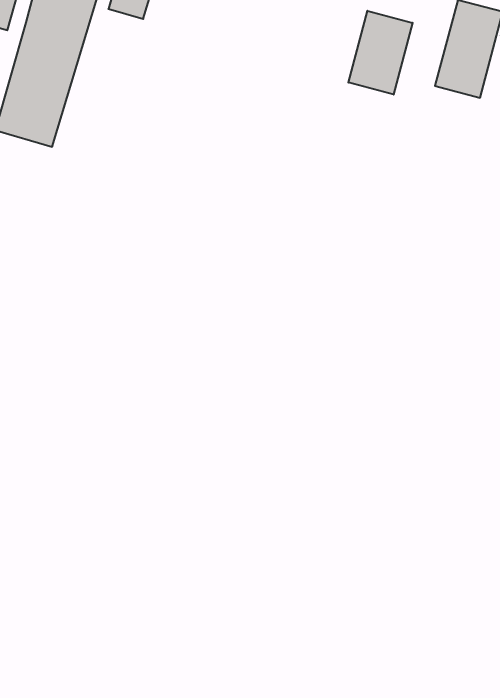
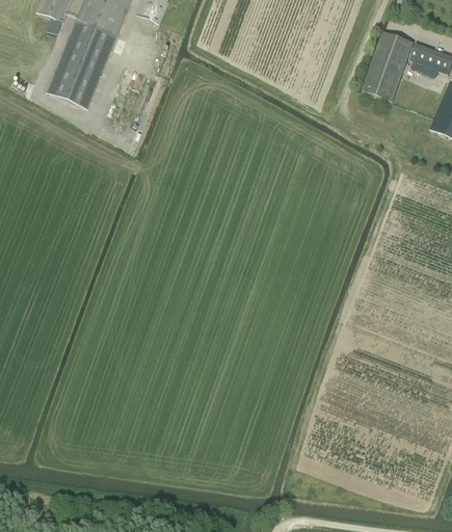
building: [348,11,413,95] -> none

